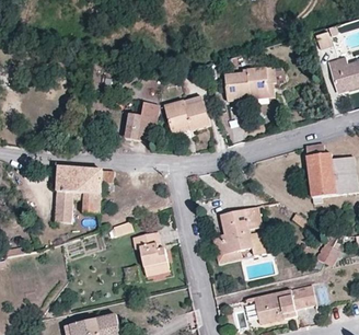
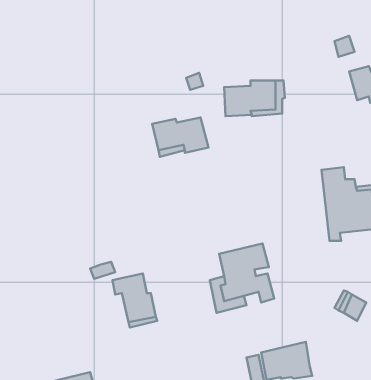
building: [124,101,158,140] -> none
building: [55,165,115,222] -> none
building: [291,282,316,307] -> none

